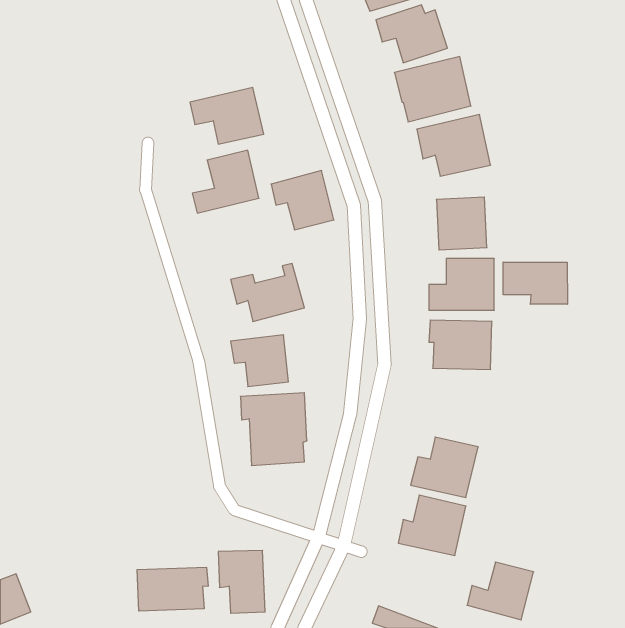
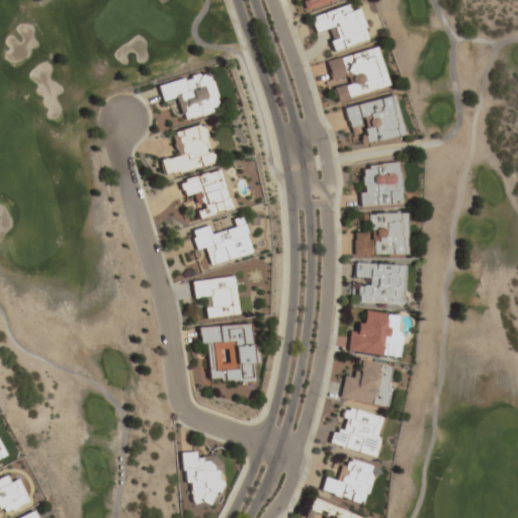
building: [271,171,334,230] -> [182,169,234,218]
building: [503,262,567,304] -> none
building: none -> [349,311,405,358]
building: [467,562,534,620] -> [322,457,376,505]
building: [137,567,208,611] -> none

